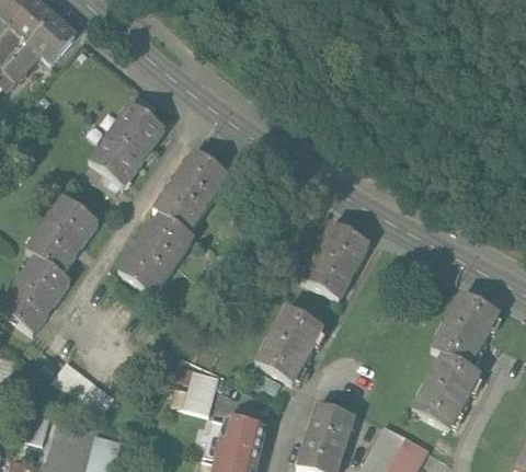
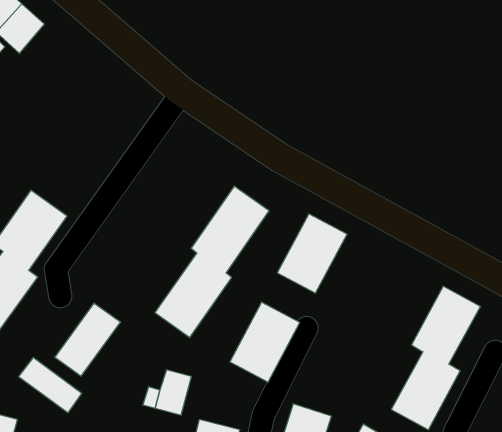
building: [90,103,165,184] -> none
building: [119,147,230,293] -> [155,186,269,337]
building: none -> [55,303,120,376]

